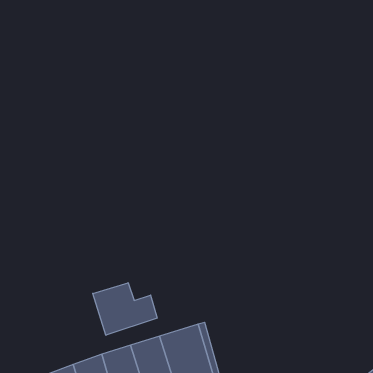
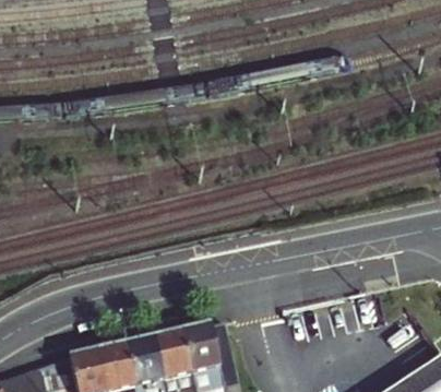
building: [93,283,157,335] -> none

